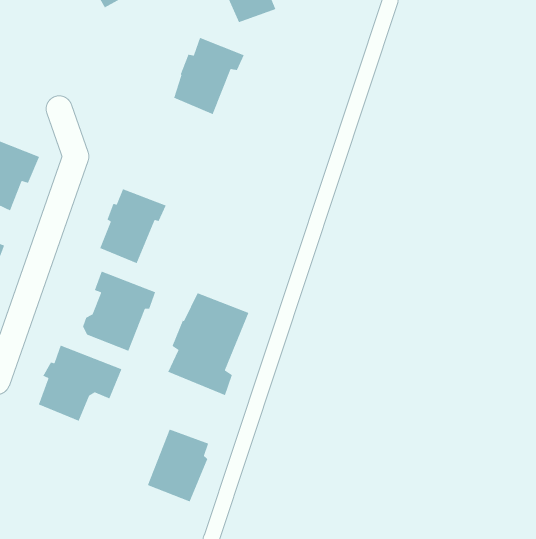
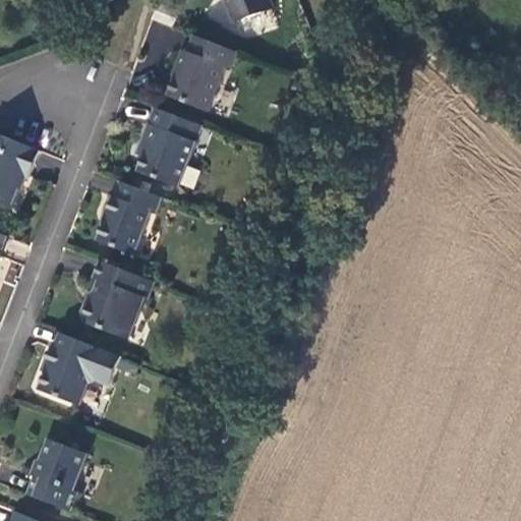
building: none -> [135,108,201,187]
building: [167,292,250,396] -> none
building: [147,429,209,502] -> [25,440,85,511]

